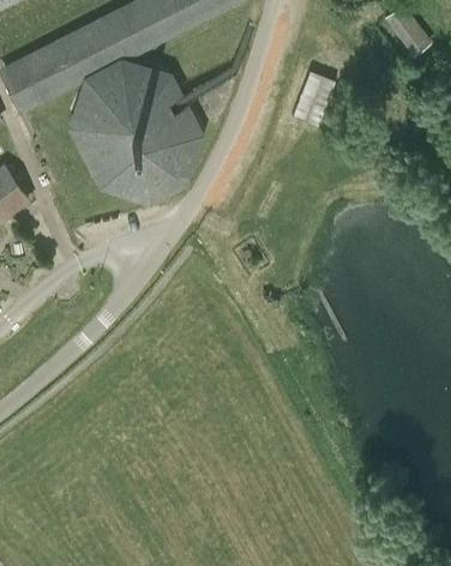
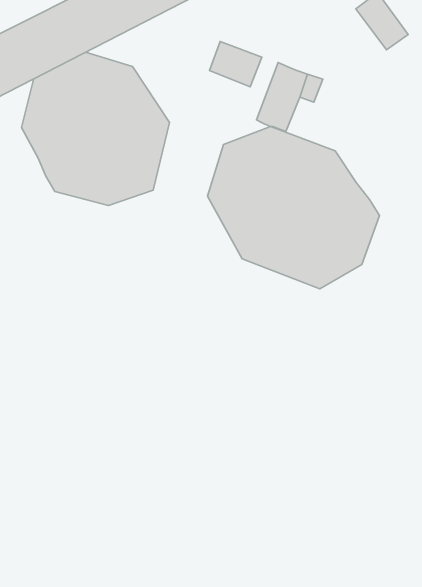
building: none -> [210,41,262,87]
building: none -> [208,126,380,289]

